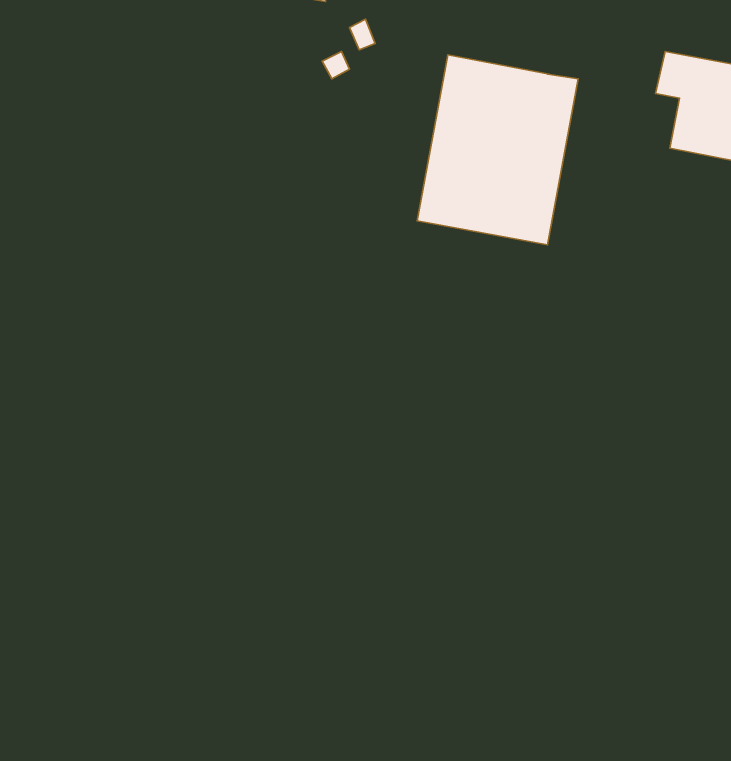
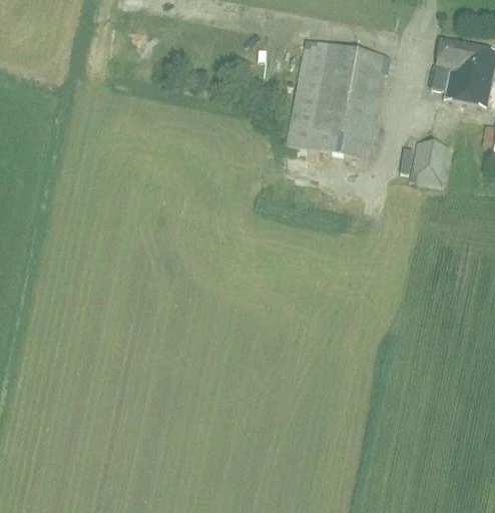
building: none -> [410,138,449,181]

